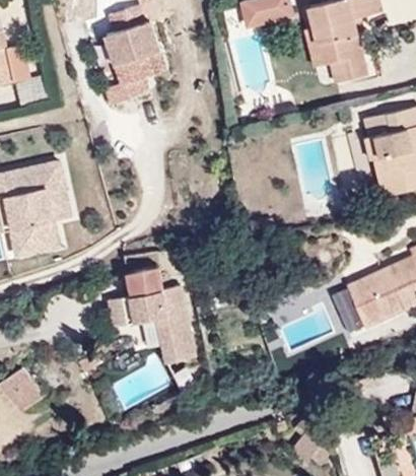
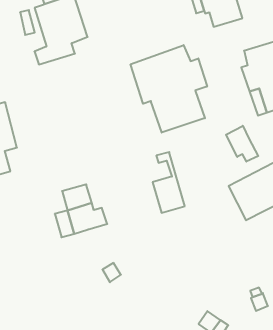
building: none -> [131,45,207,133]
building: none -> [226,126,258,162]
building: [155,289,193,363] -> [153,152,185,213]

